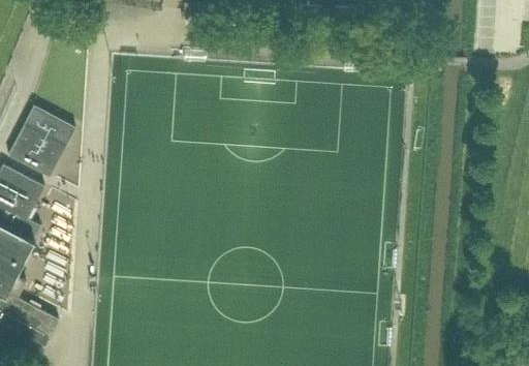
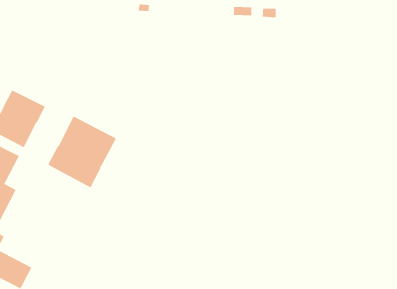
building: none -> [47,115,117,189]

